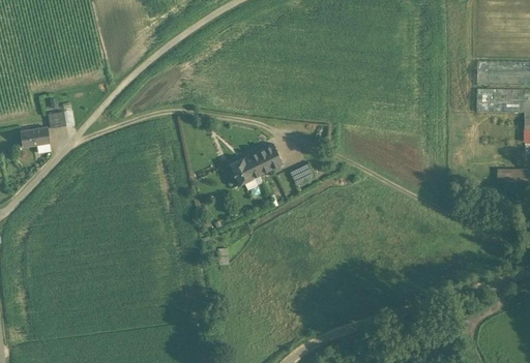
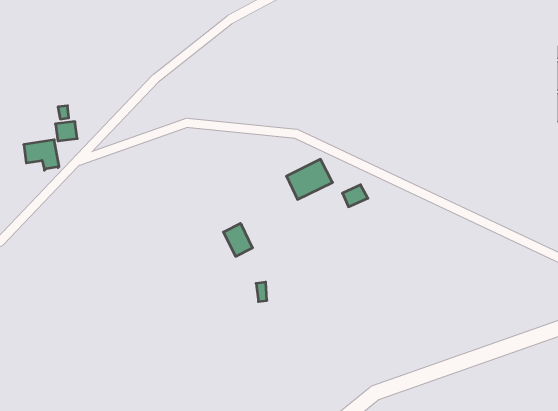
building: [230,157,255,185] -> [223,223,253,256]

